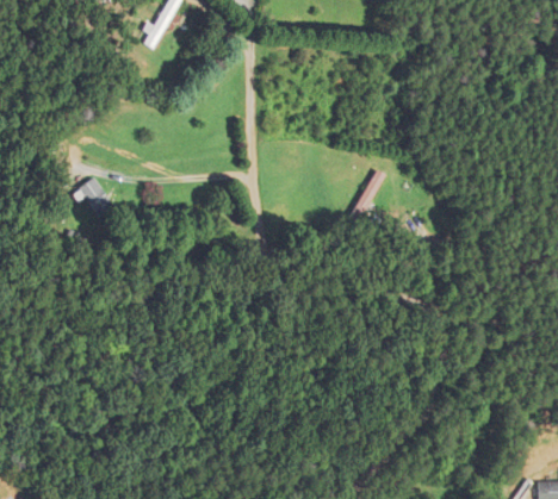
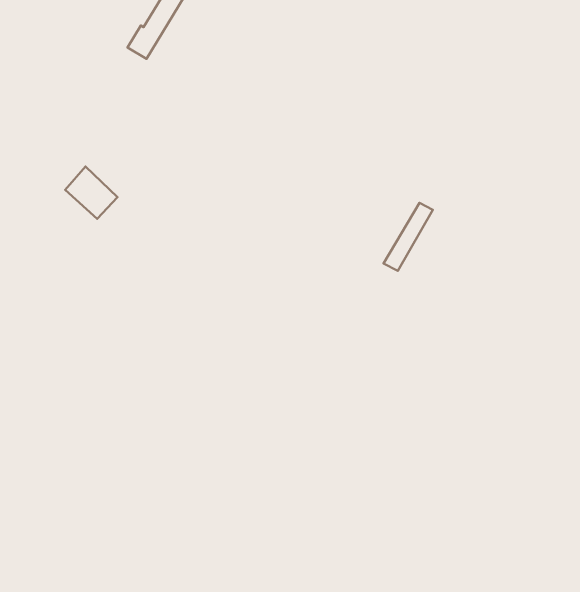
building: [73,175,116,218] -> [65,167,117,219]

